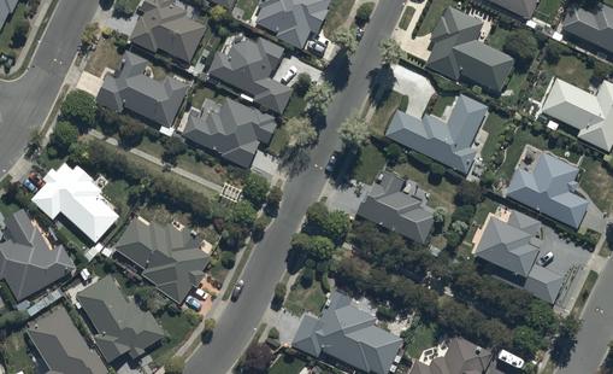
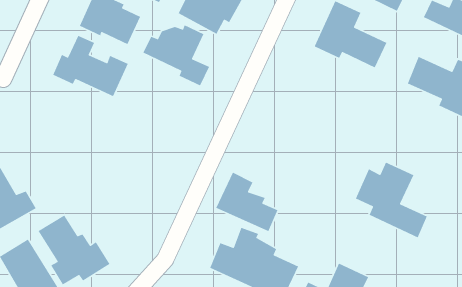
building: [383,93,488,175] -> none
building: [181,95,278,168] -> none
building: [505,154,589,228] -> none
building: [34,166,119,241] -> none
building: [356,169,436,245] -> [215,172,278,232]
building: [114,217,211,302] -> none

